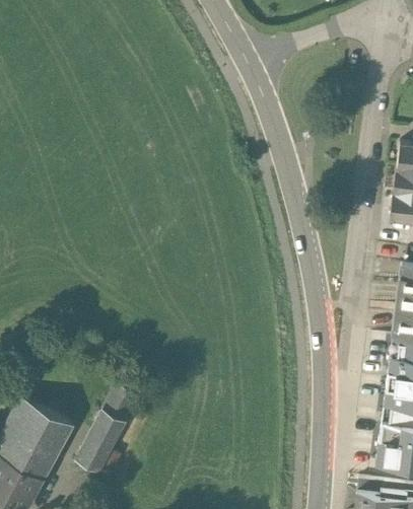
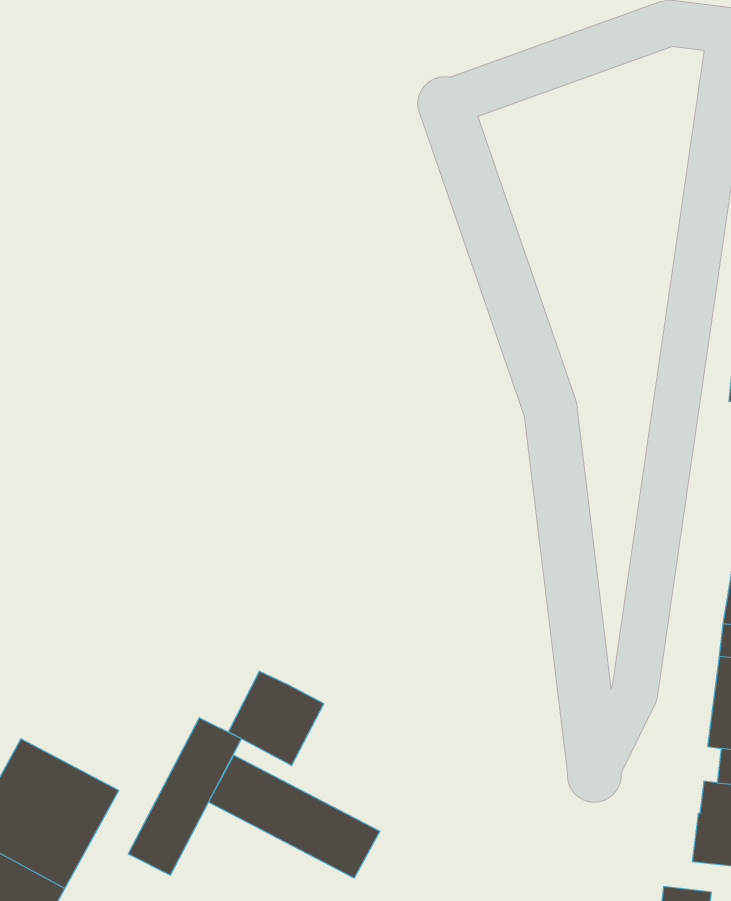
building: none -> [229,671,324,766]
building: none -> [208,755,380,878]

